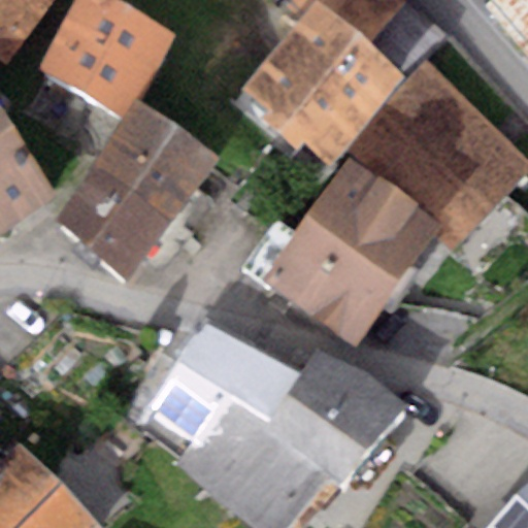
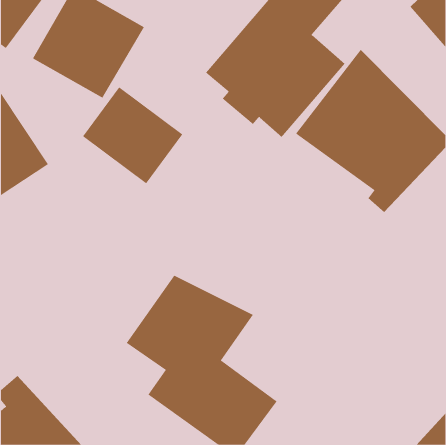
building: [262,158,441,344] -> none
building: [53,161,173,276] -> none
building: [262,352,407,487] -> none

